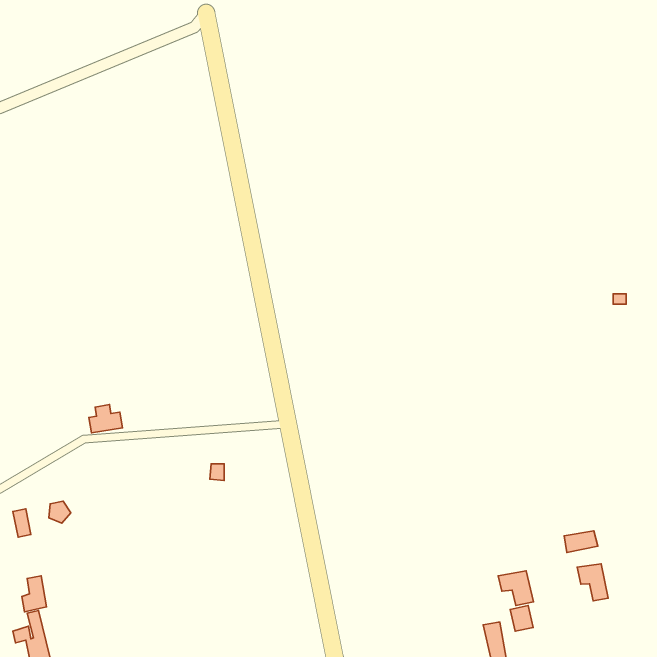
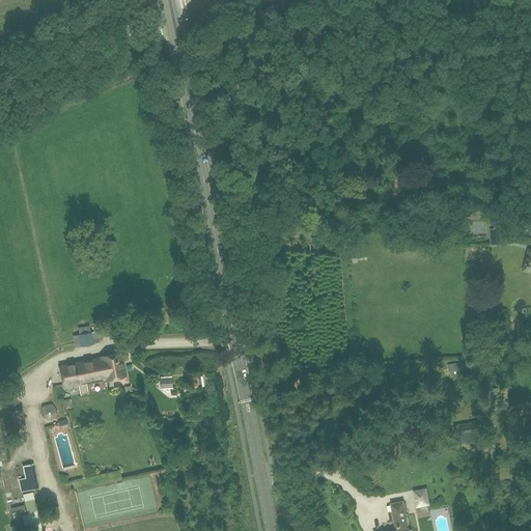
building: none -> [59,353,127,391]
building: [577,564,608,601] -> none
building: [498,571,533,606] -> none

